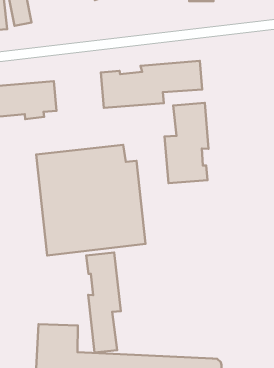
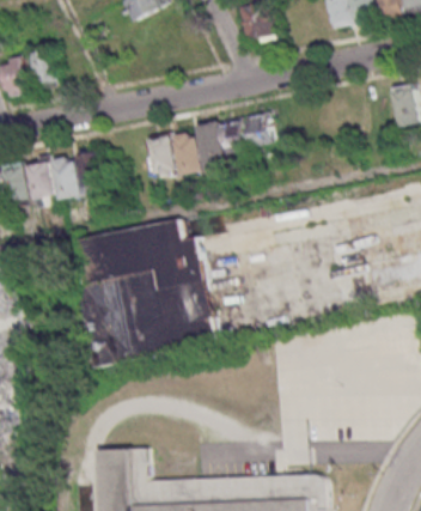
building: [164,103,209,183] -> none
building: [86,252,121,353] -> none

